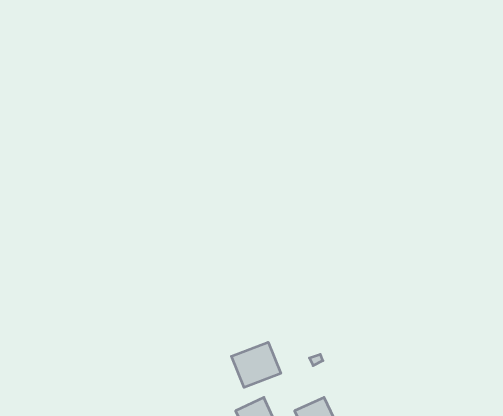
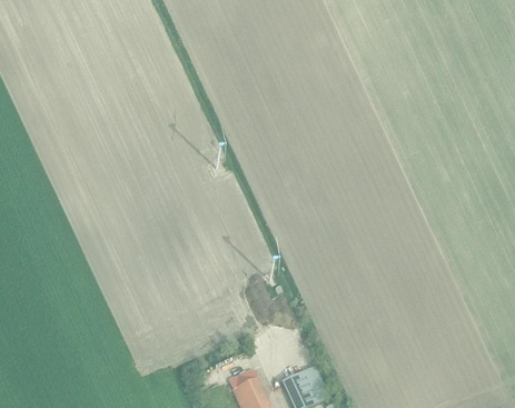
building: [231,342,281,387] -> none

